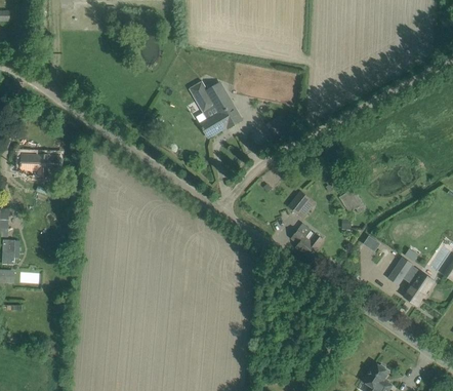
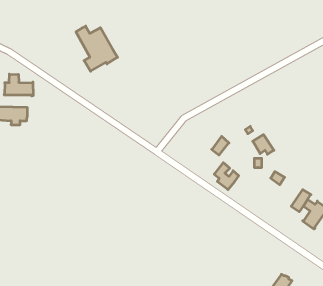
building: [189,80,241,136] -> [76,26,118,71]
building: none -> [4,74,33,96]

